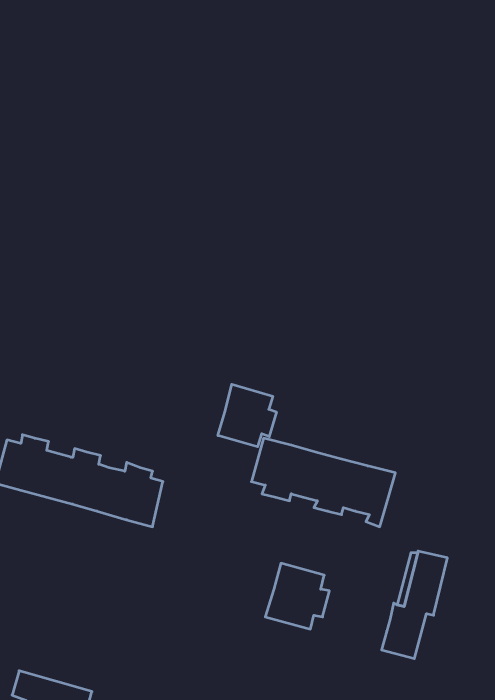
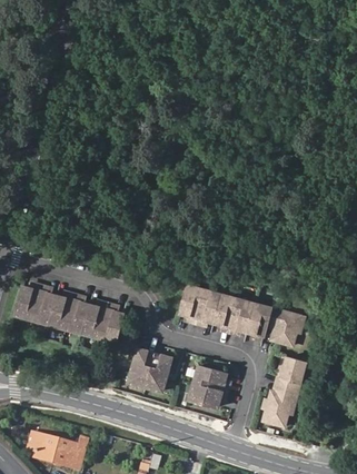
building: [218,384,276,447] -> none
building: none -> [268,303,301,344]
building: none -> [129,346,172,389]

